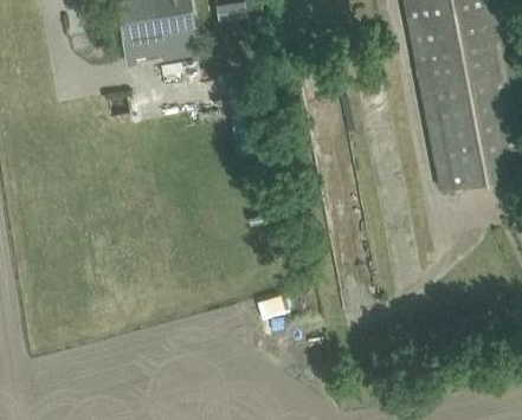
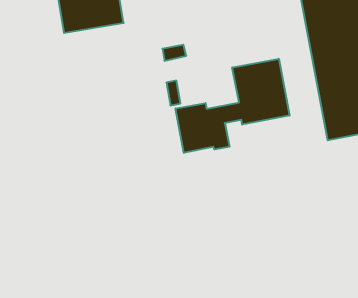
building: none -> [176,59,290,153]

